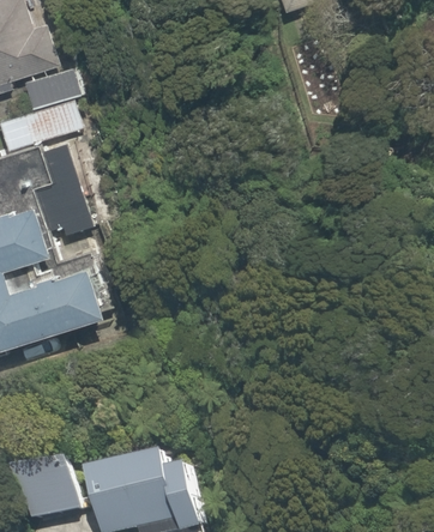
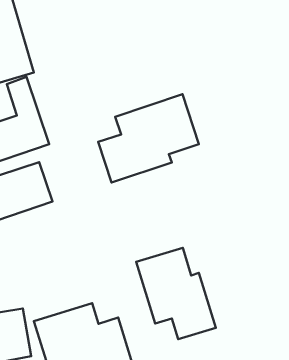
building: none -> [98,94,199,182]
building: none -> [136,248,216,339]

